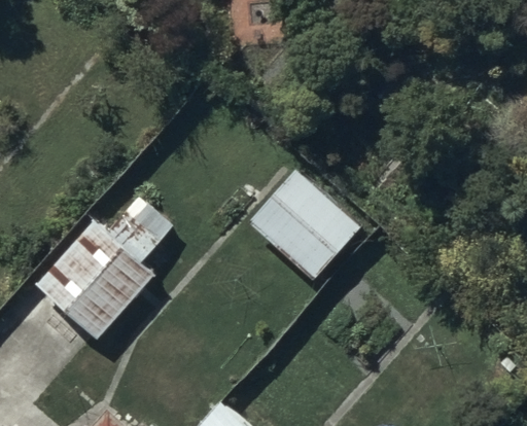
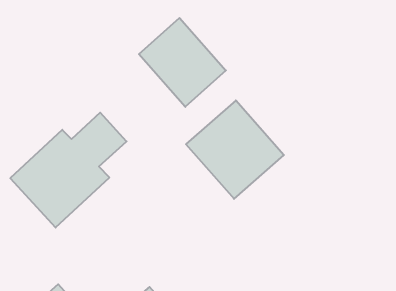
building: none -> [139,18,226,107]

